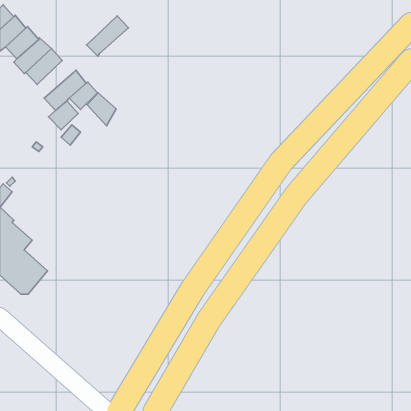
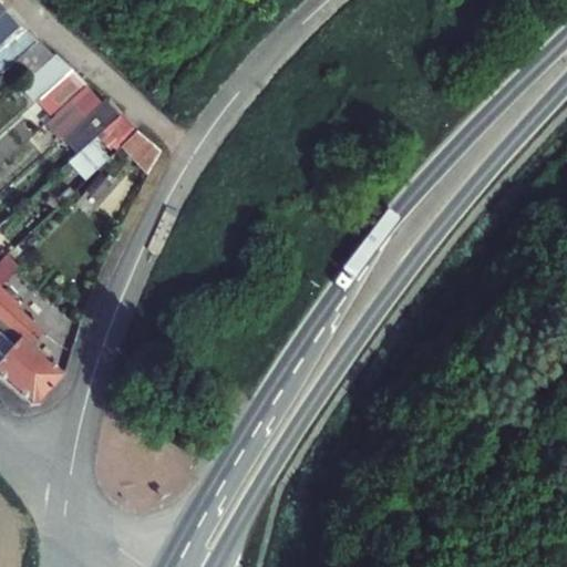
building: [87,16,128,56] -> [43,83,101,138]

